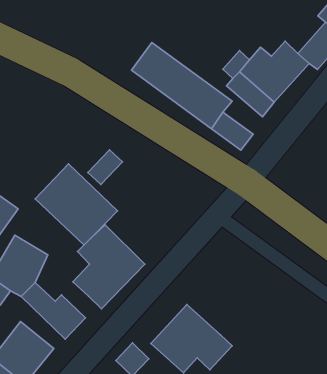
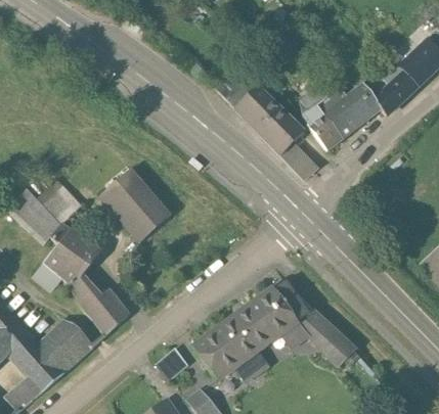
building: [88,150,123,185] -> none
building: [73,225,145,309] -> none
building: none -> [229,273,349,365]

